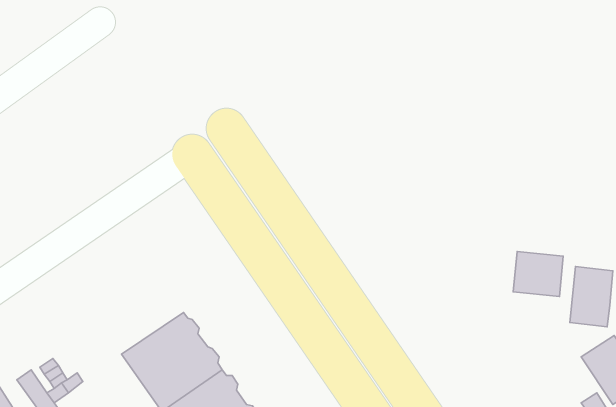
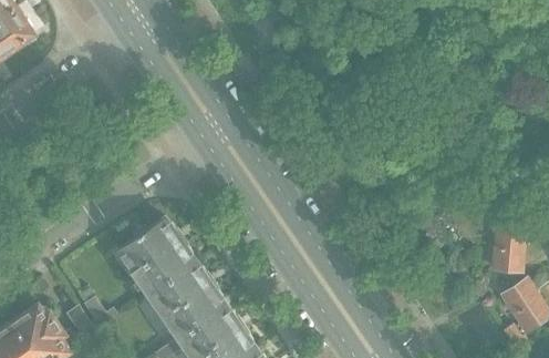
building: [513,251,563,297] -> none
building: none -> [115,218,194,295]

